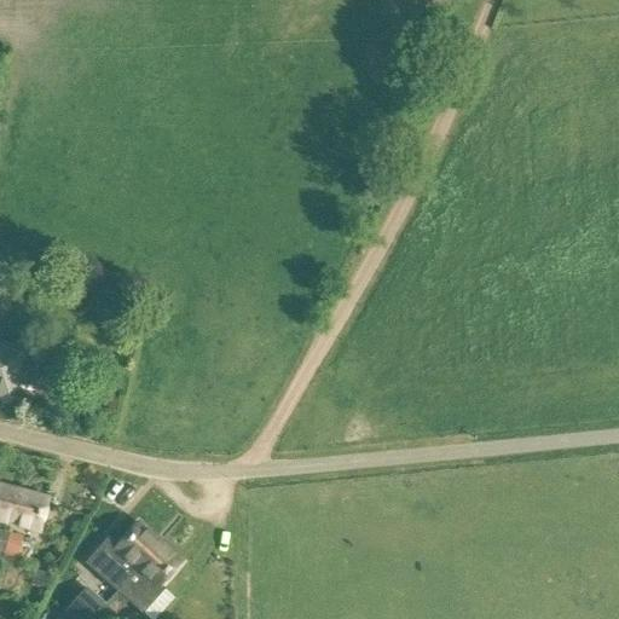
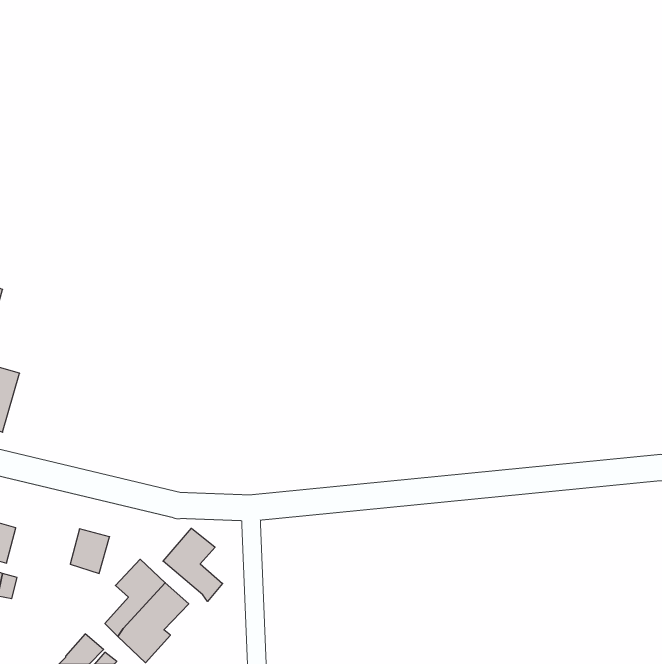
building: [6,487,42,528] -> [70,529,110,573]
building: none -> [163,528,223,601]

